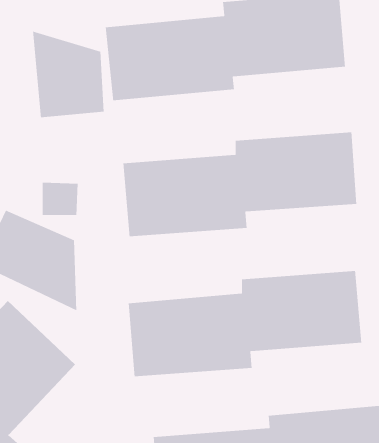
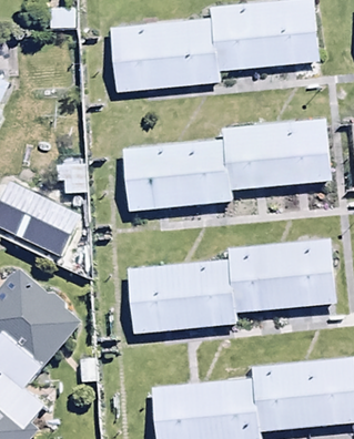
building: [32,31,104,118] -> none

